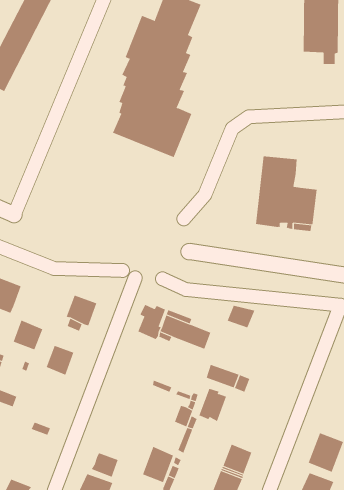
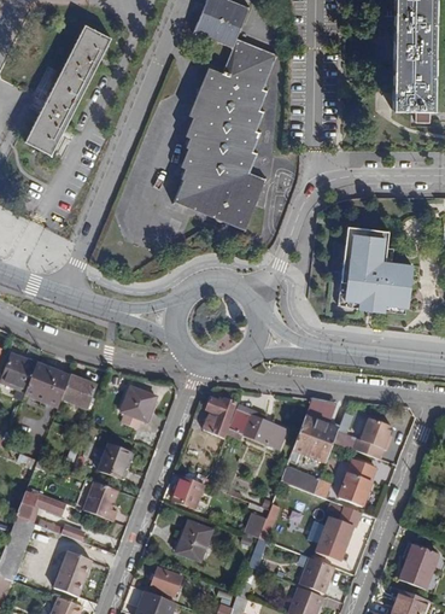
building: [13,320,43,350] -> [62,374,96,409]
building: none -> [292,416,339,462]
building: none -> [359,417,392,450]
building: none -> [338,458,376,507]
building: none -> [171,475,205,508]
building: none -> [86,483,119,521]
building: none -> [316,505,362,561]
building: none -> [54,551,90,596]
building: [142,446,174,483] -> [176,520,212,562]

